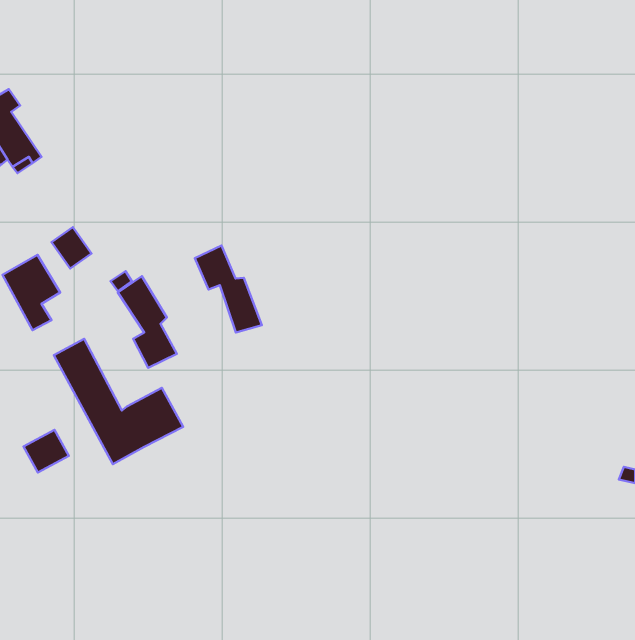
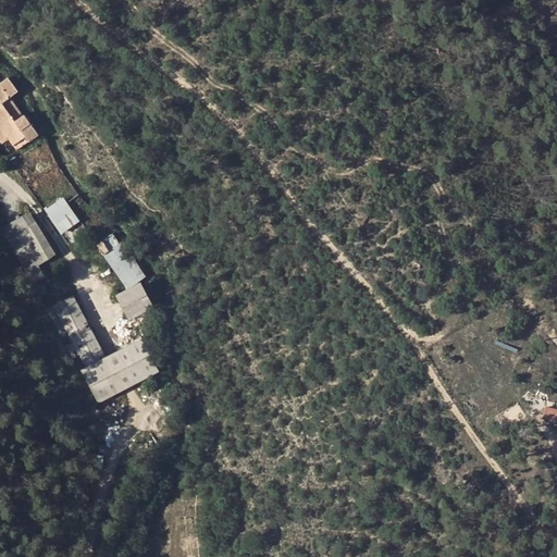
building: [195,245,262,333] -> none
building: [24,430,69,473] -> none

